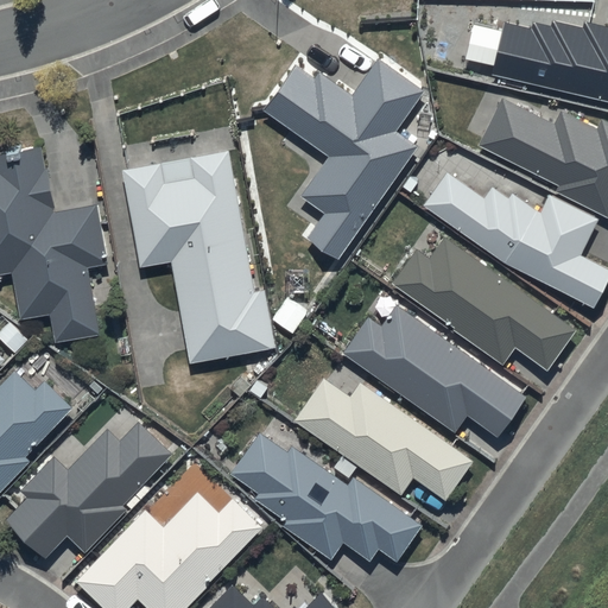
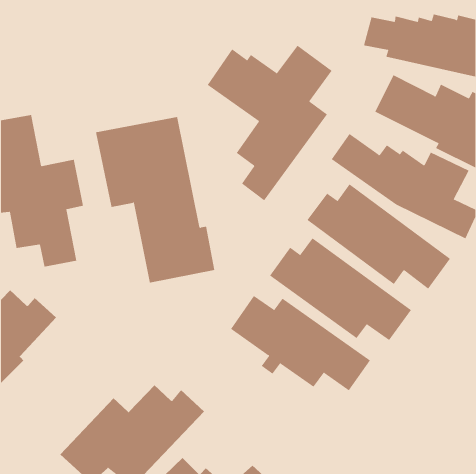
building: [5,423,171,559] -> none
building: [230,433,420,562] -> none

